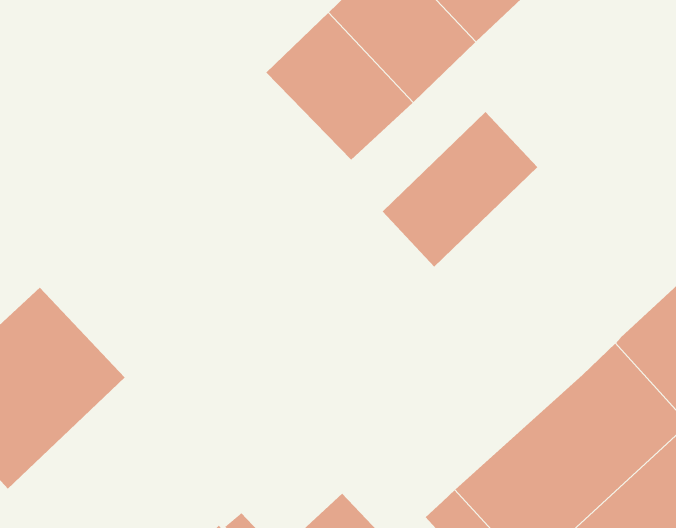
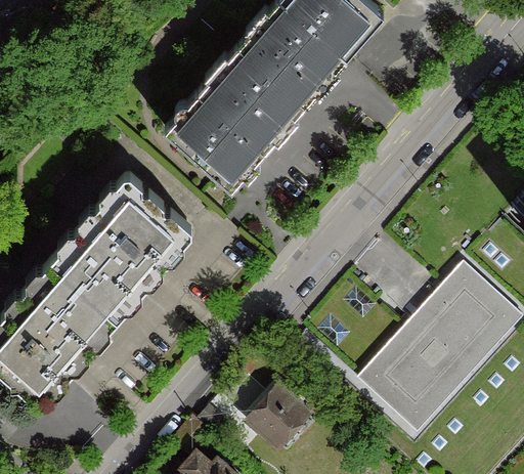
building: none -> [166,90,265,185]
building: [382,111,538,268] -> none
building: none -> [51,170,195,316]

